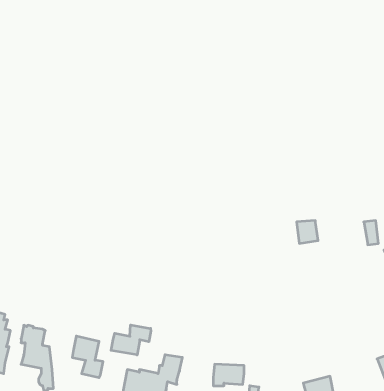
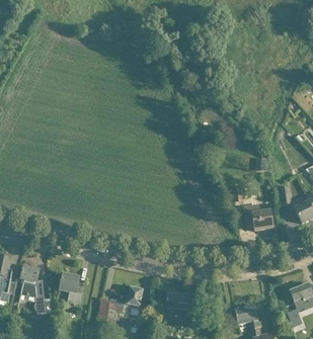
building: none -> [243,203,272,230]
building: [111,325,151,355] -> none

